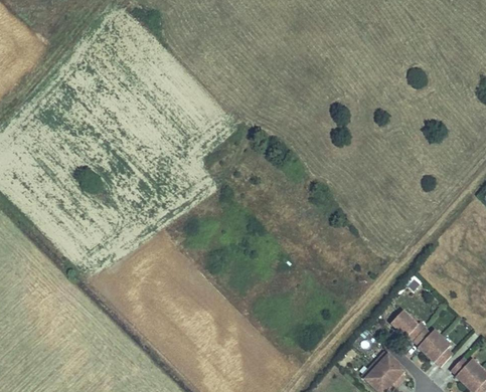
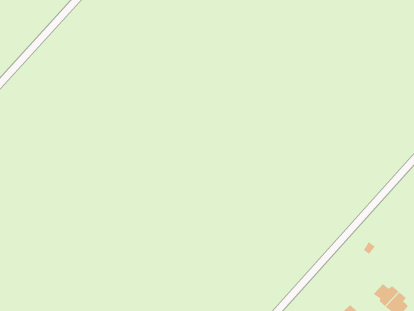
building: [392,311,426,340] -> none

